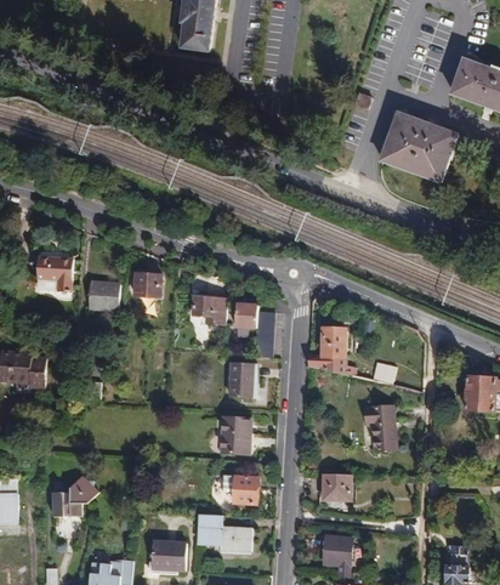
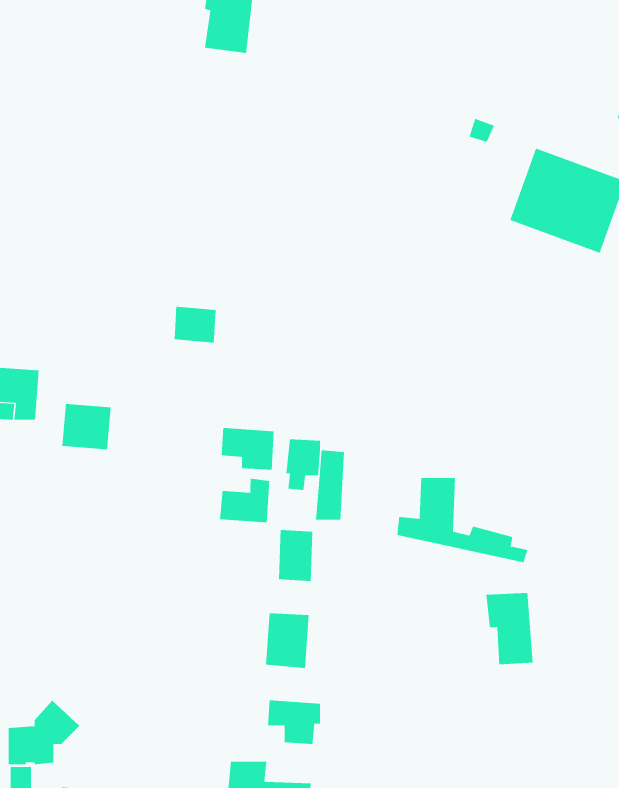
building: [133,273,161,297] -> [174,306,216,343]
building: none -> [220,478,270,523]
building: [323,473,352,500] -> none

